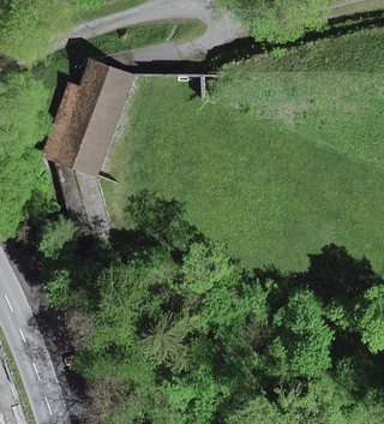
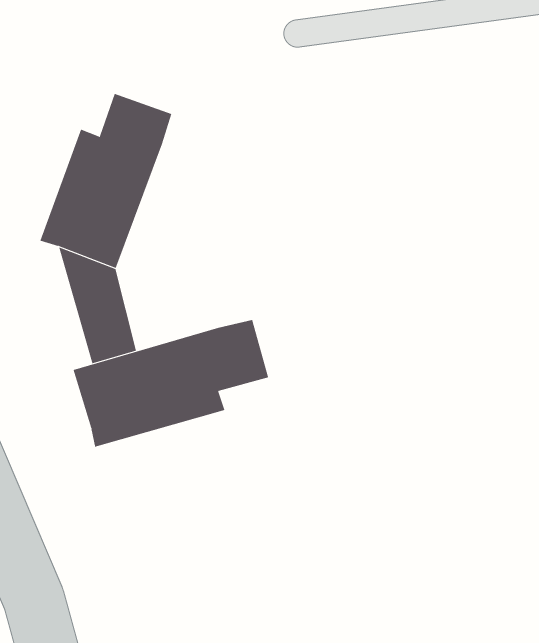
building: none -> [73,319,269,448]

